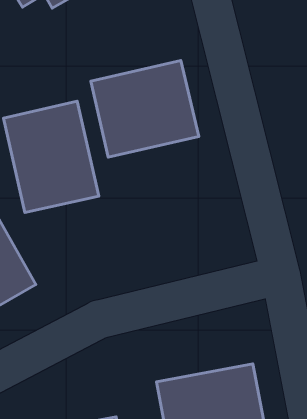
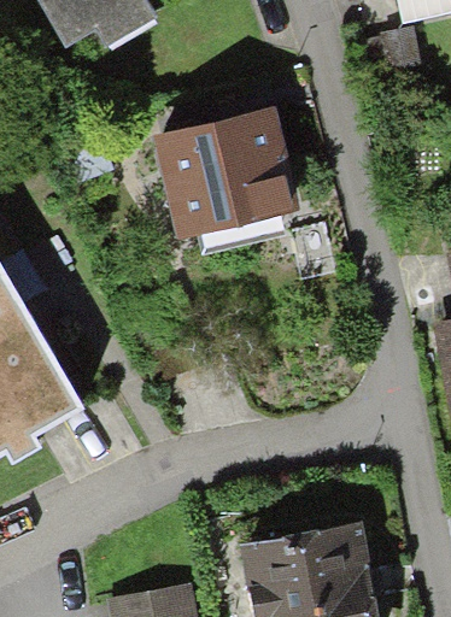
building: [4,101,99,212] -> none

